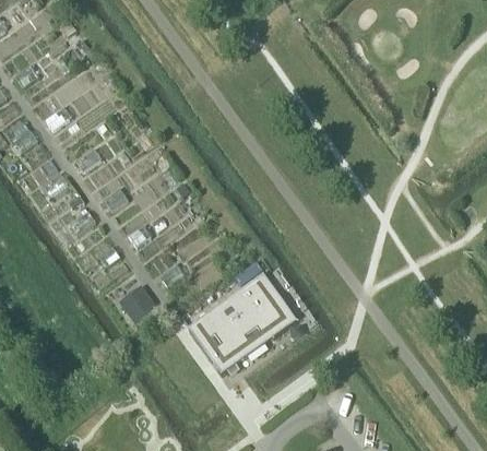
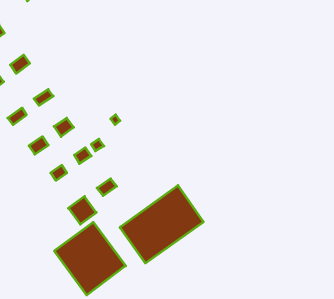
building: none -> [55,222,126,295]

